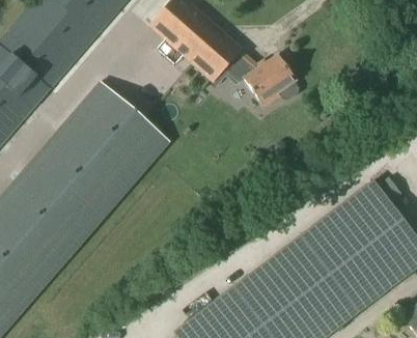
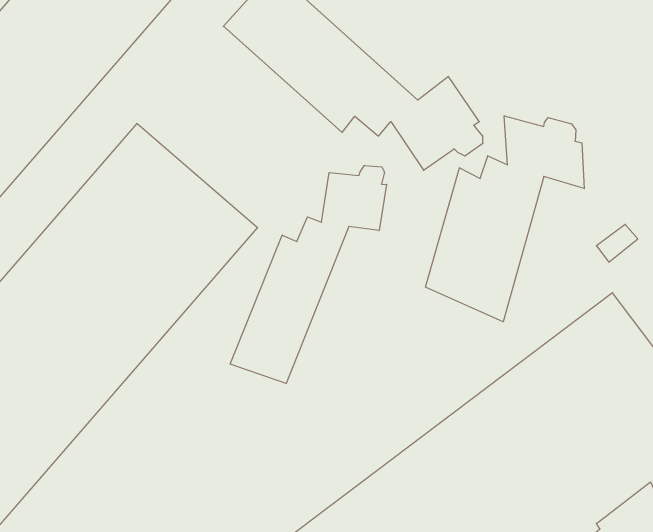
building: none -> [426,116,584,322]
building: none -> [230,165,387,384]

